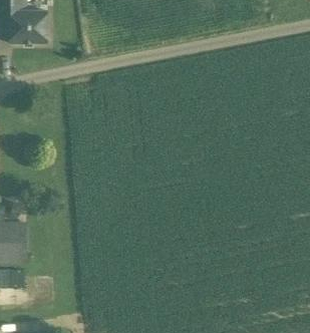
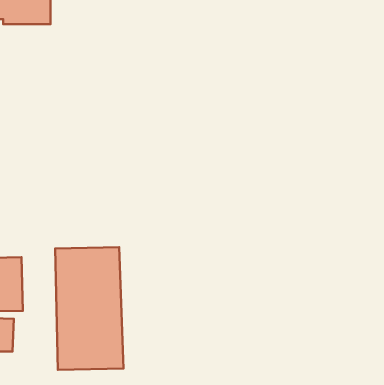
building: none -> [55,247,123,370]

